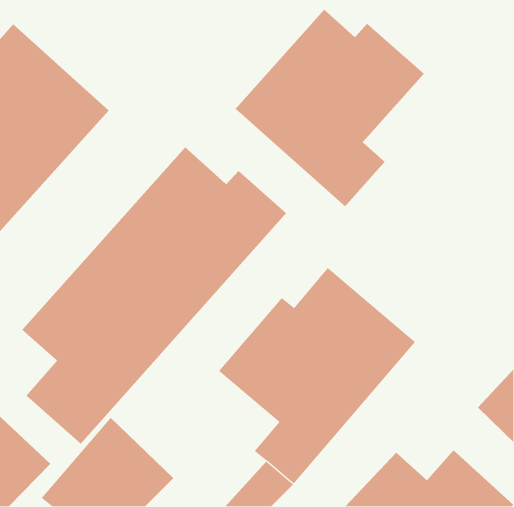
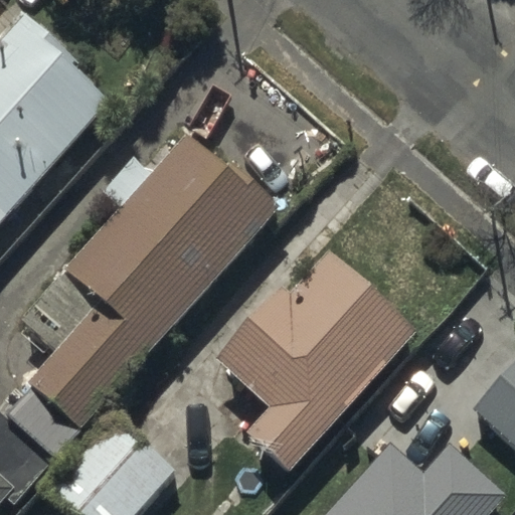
building: [235,9,425,207] -> none

